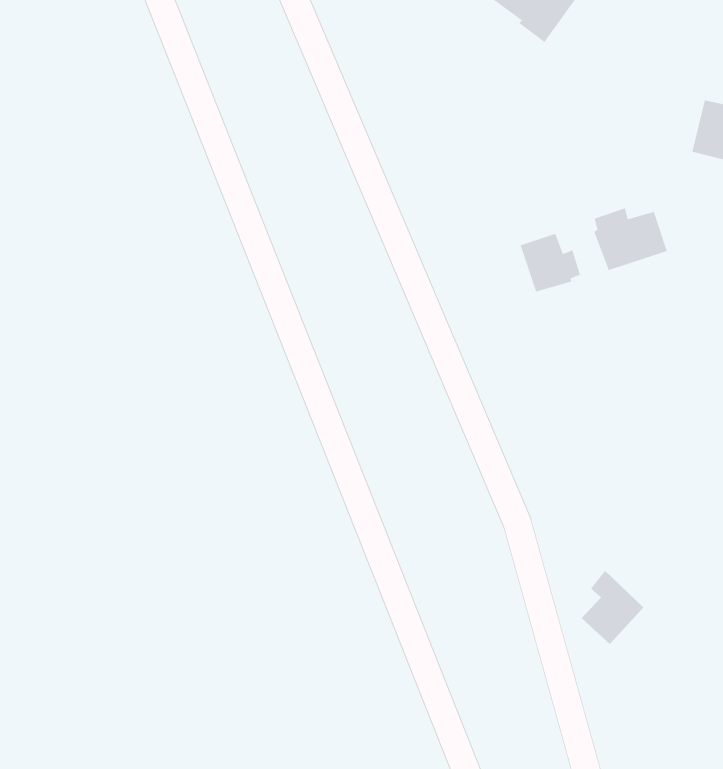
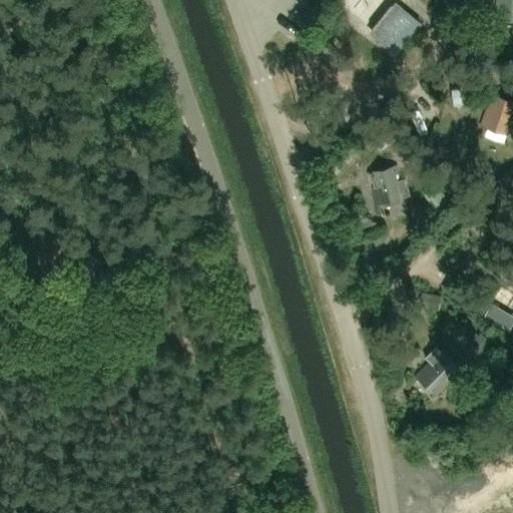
building: [593,208,668,271] -> none
building: [581,570,644,645] -> [419,348,459,395]

